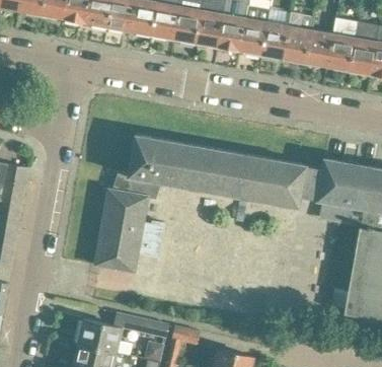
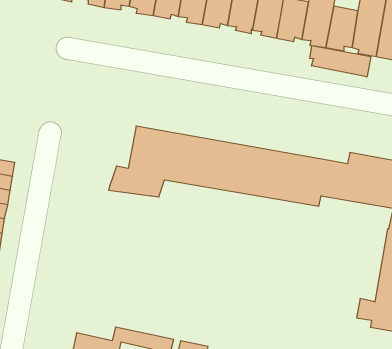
building: none -> [310,45,371,77]
building: [95,188,165,273] -> none

